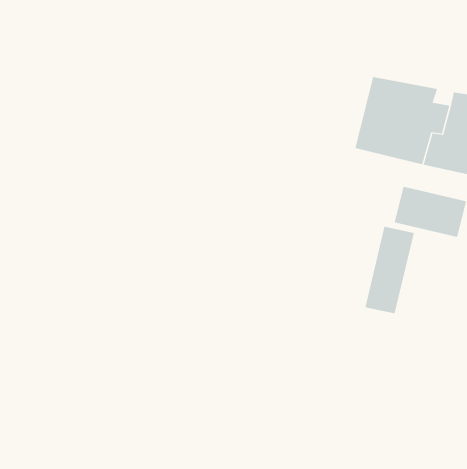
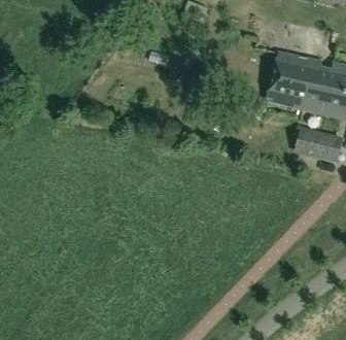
building: [365,226,414,314] -> none

